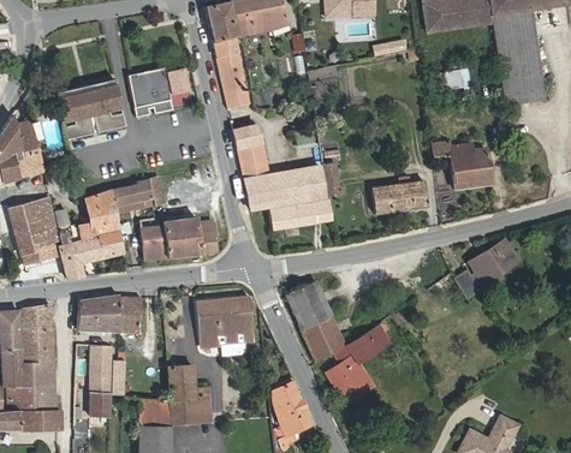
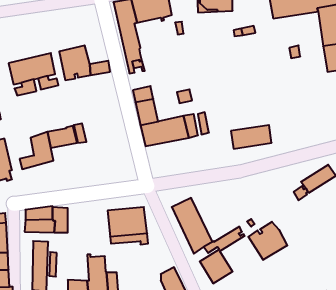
building: [433,141,492,190] -> none
building: [269,199,332,228] -> none
building: [139,219,218,261] -> none
building: [59,231,124,279] -> none
building: none -> [248,222,287,260]

